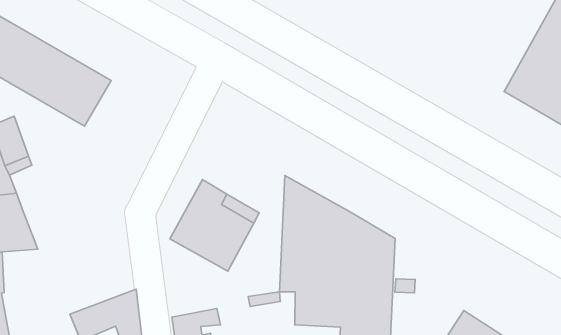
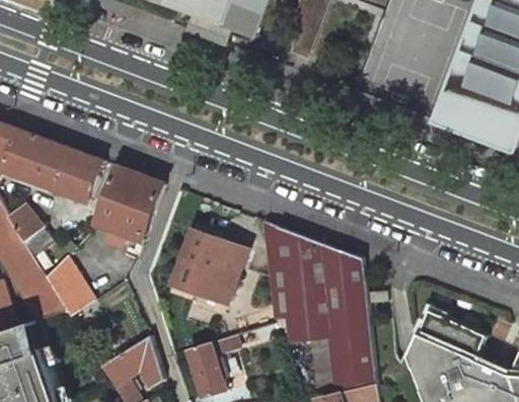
building: none -> [98,170,163,243]
building: none -> [48,261,93,318]

